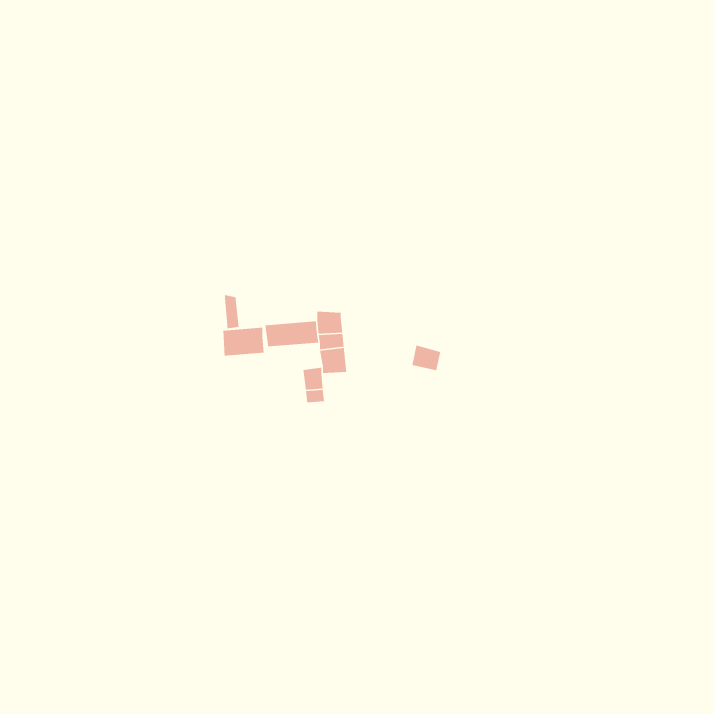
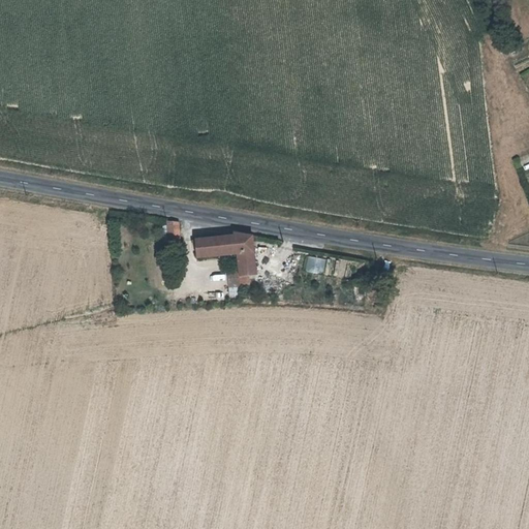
building: [223,327,264,357] -> none

